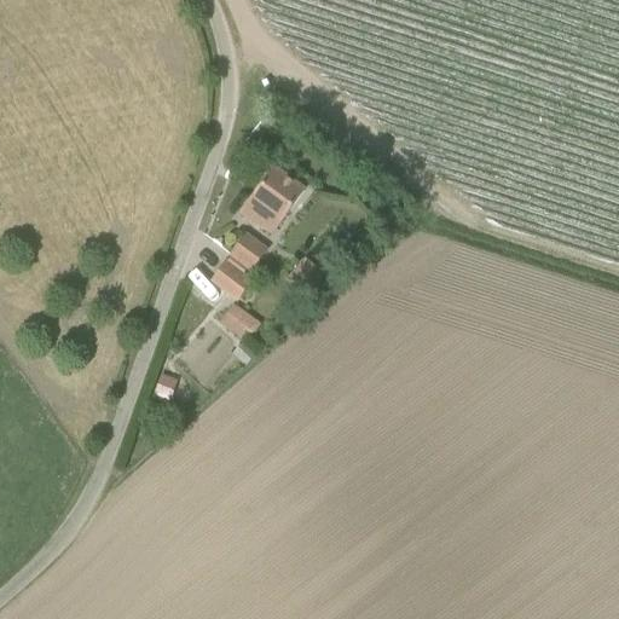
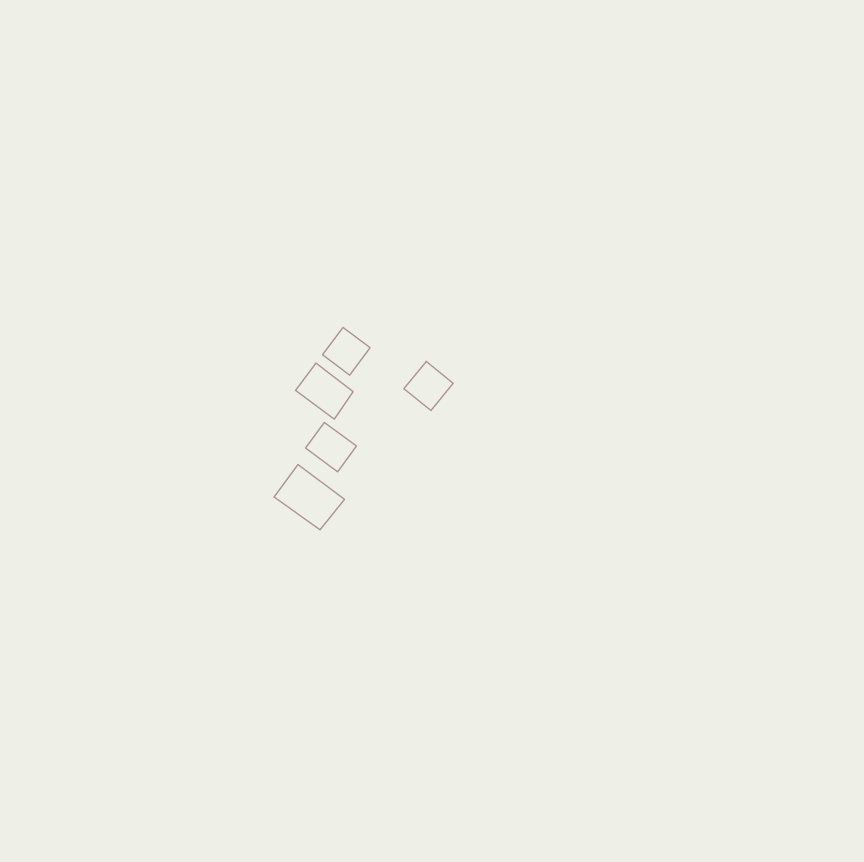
building: [249,167,302,231] -> none
building: none -> [274,465,344,530]

